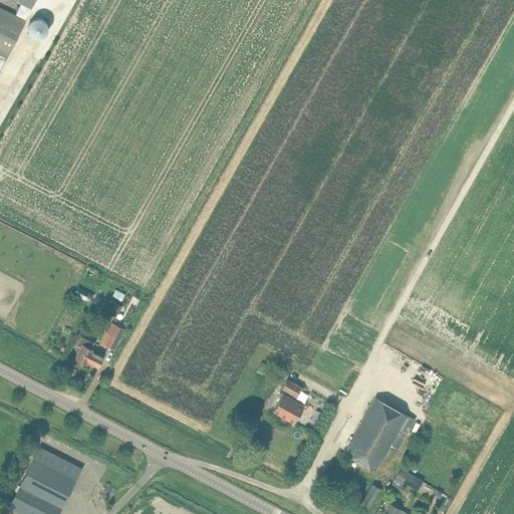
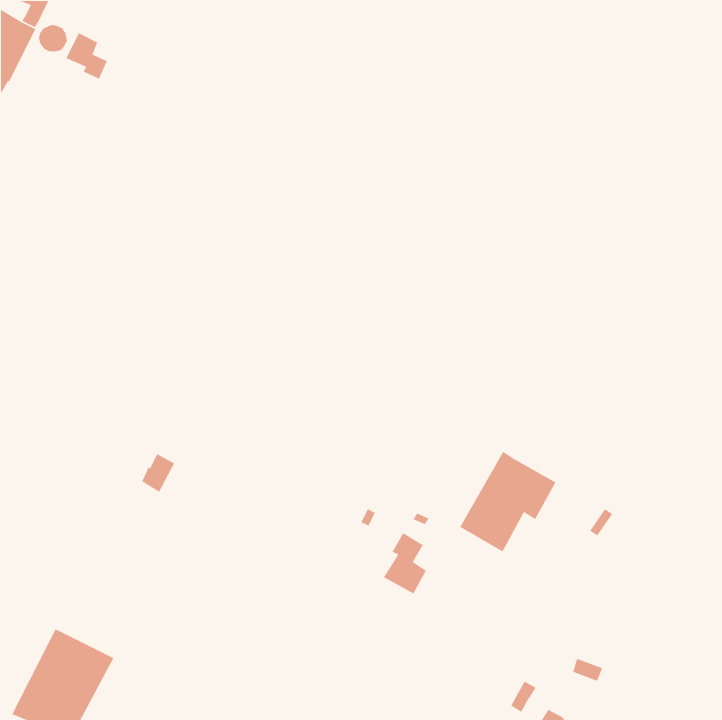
building: none -> [65,32,108,80]
building: [73,334,103,368] -> none
building: [344,399,414,471] -> [459,451,557,553]

